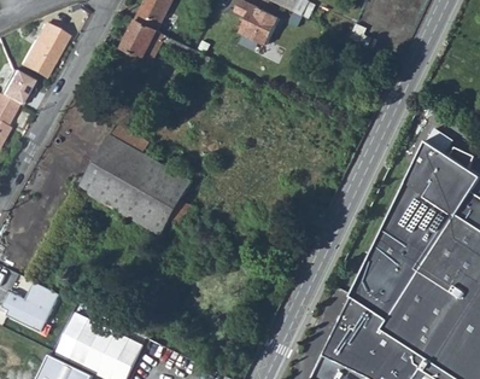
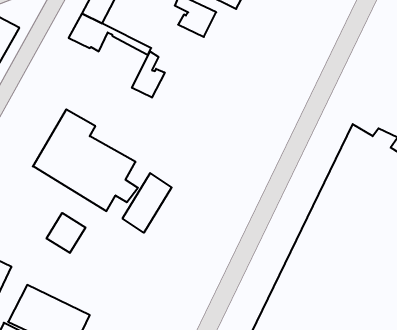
building: none -> [132,52,165,98]
building: none -> [123,173,172,233]
building: none -> [47,213,85,253]

